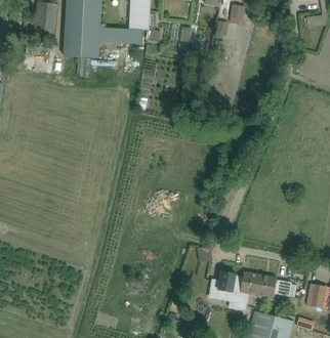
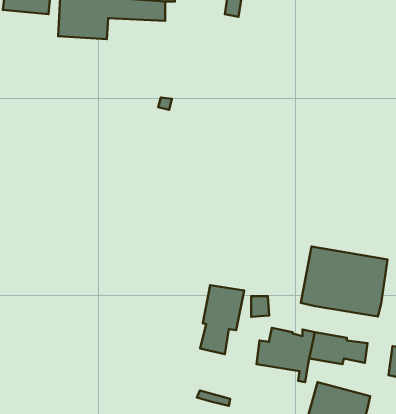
building: none -> [301,247,387,317]
building: none -> [200,285,244,354]

